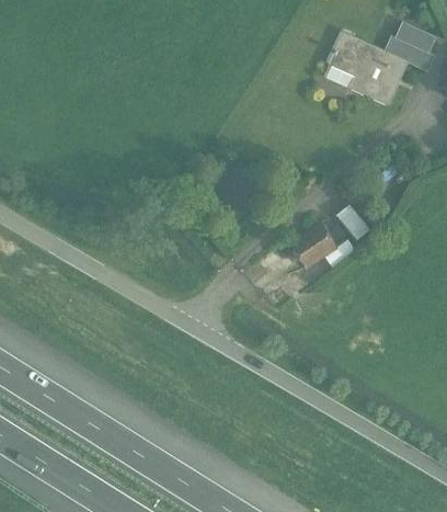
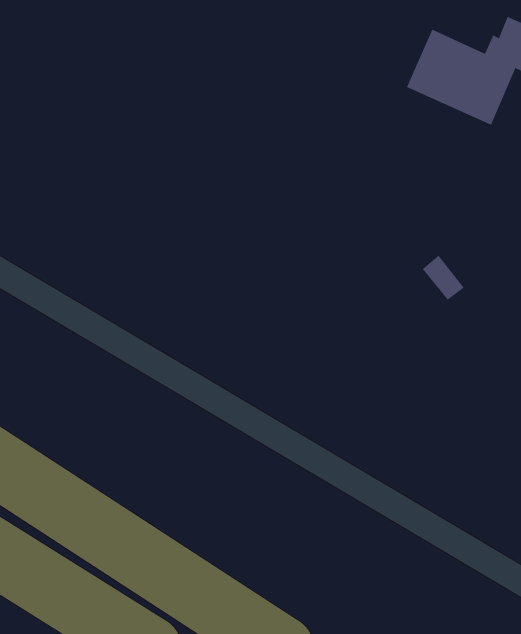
building: [289,221,337,269] -> none

